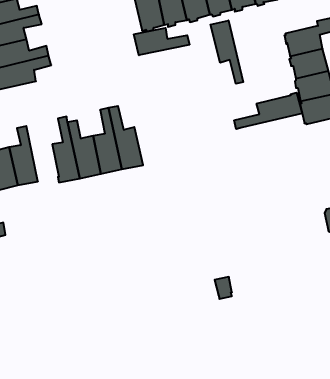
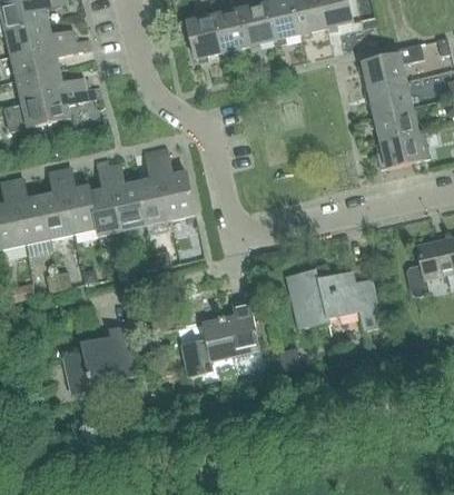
building: [210,20,243,84] -> none
building: [134,28,189,55] -> none
building: [234,93,302,129] -> none
building: none -> [60,168,98,235]
building: none -> [288,266,382,330]
building: none -> [180,298,260,375]
building: none -> [63,326,137,393]

